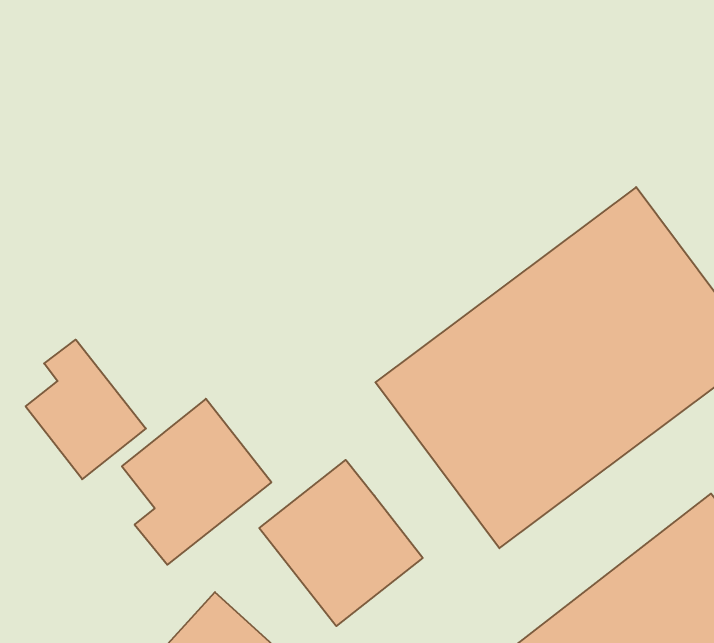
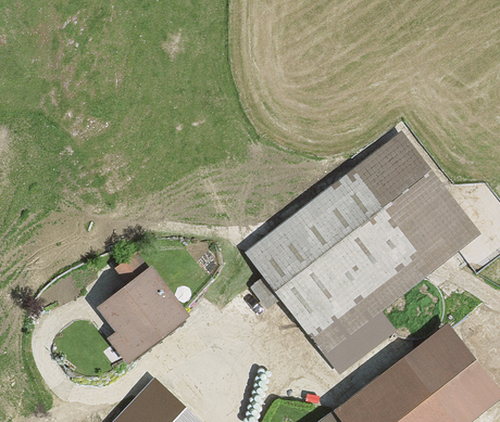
building: [26,340,146,479] -> none
building: [259,460,423,626] -> none

